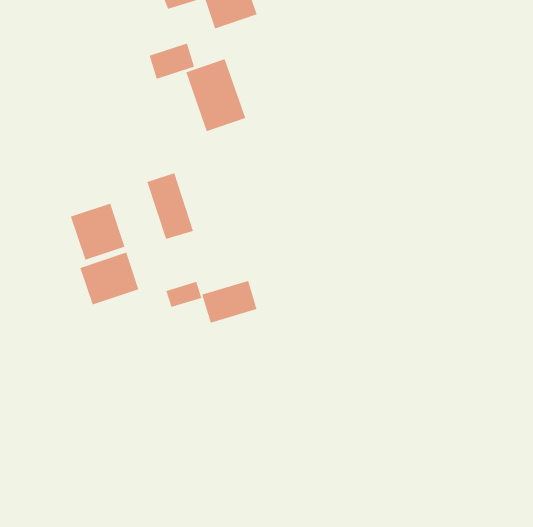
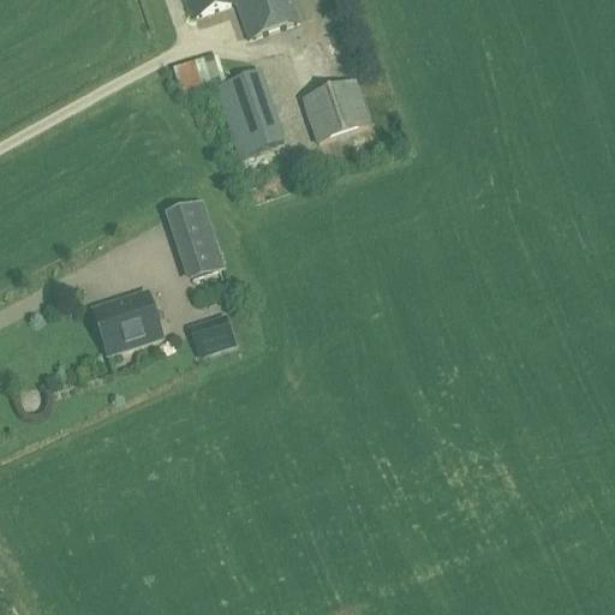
building: none -> [298,77,370,141]
building: [70,203,125,261] -> none
building: [202,280,257,323] -> none

